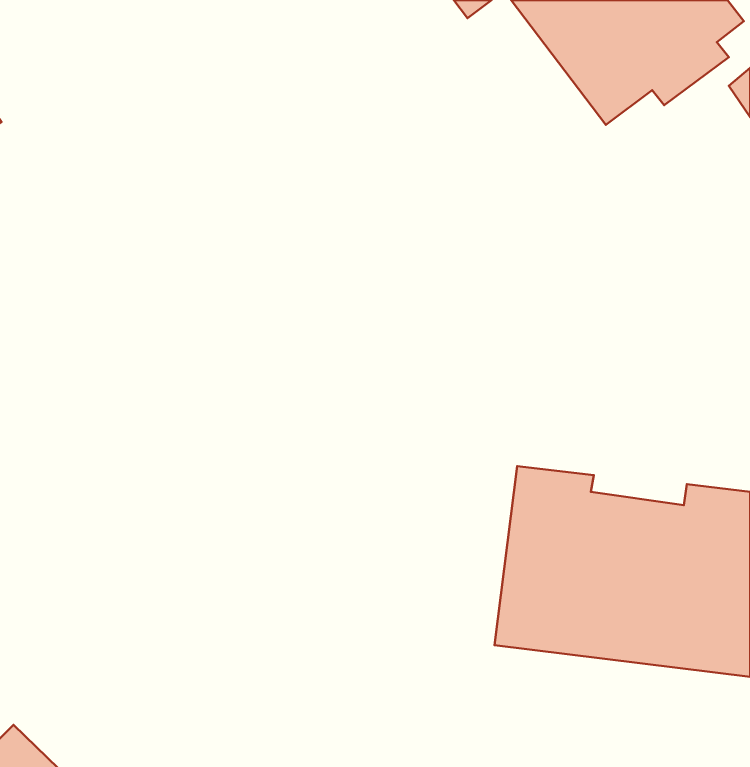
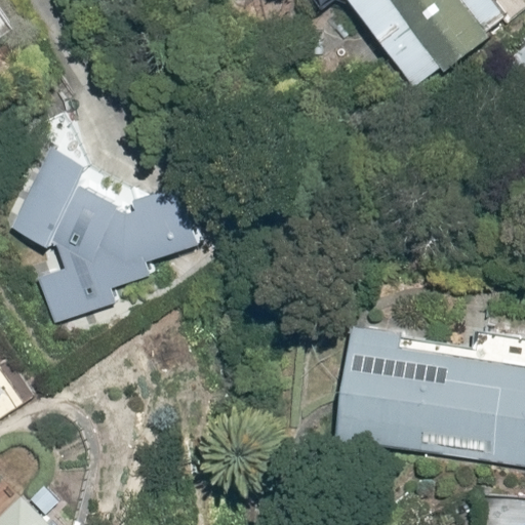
building: none -> [8,145,202,323]

